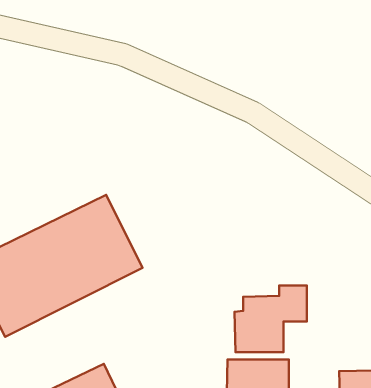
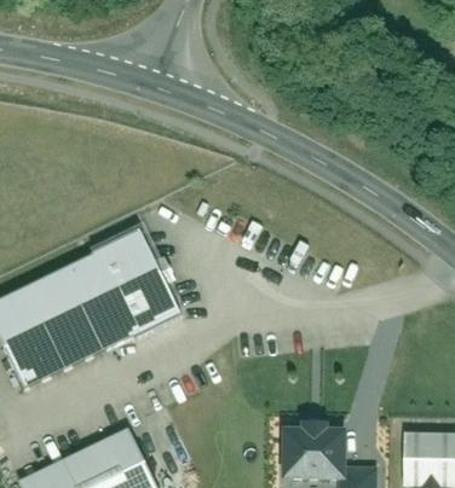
building: [235,285,307,352] -> none

